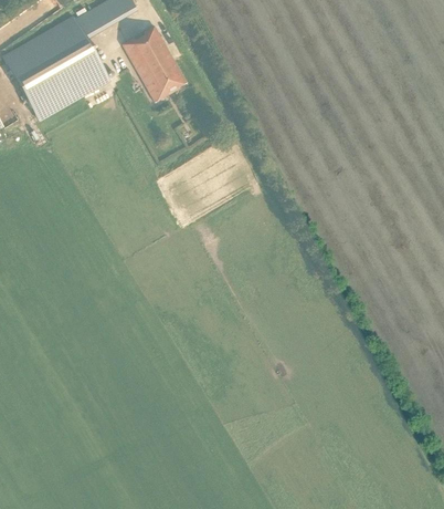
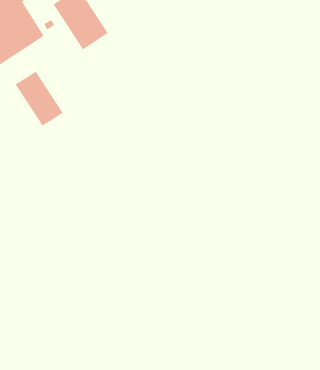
building: none -> [15,71,64,127]

